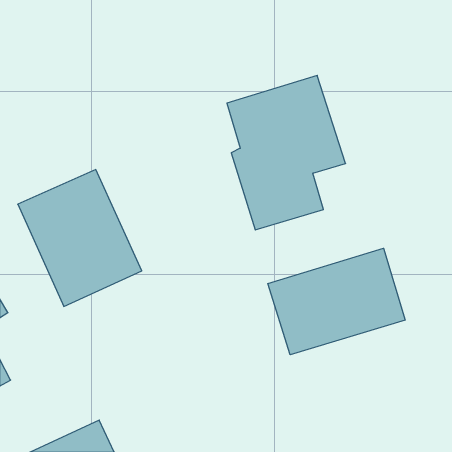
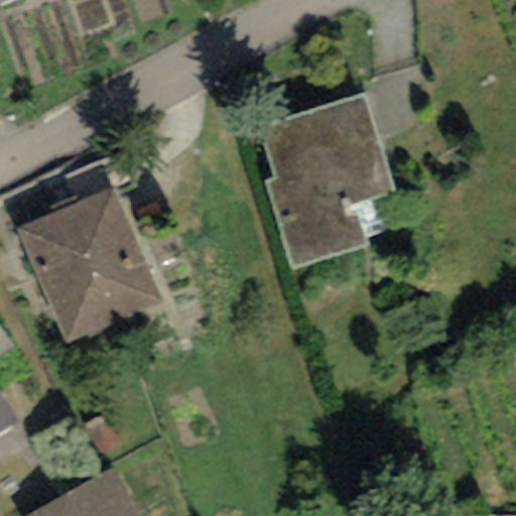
building: [268,248,405,355] -> none

